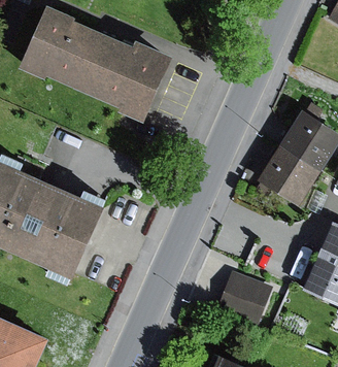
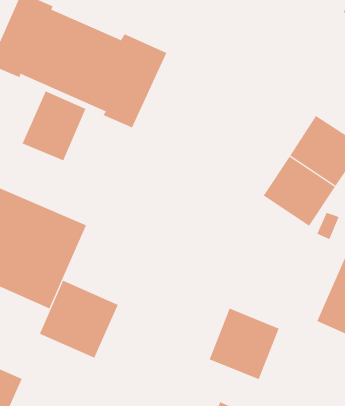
building: none -> [22,90,86,161]
building: none -> [39,280,118,359]

